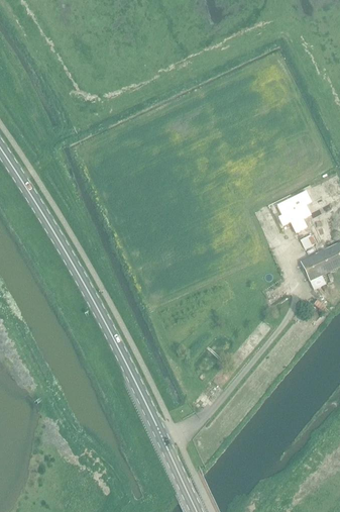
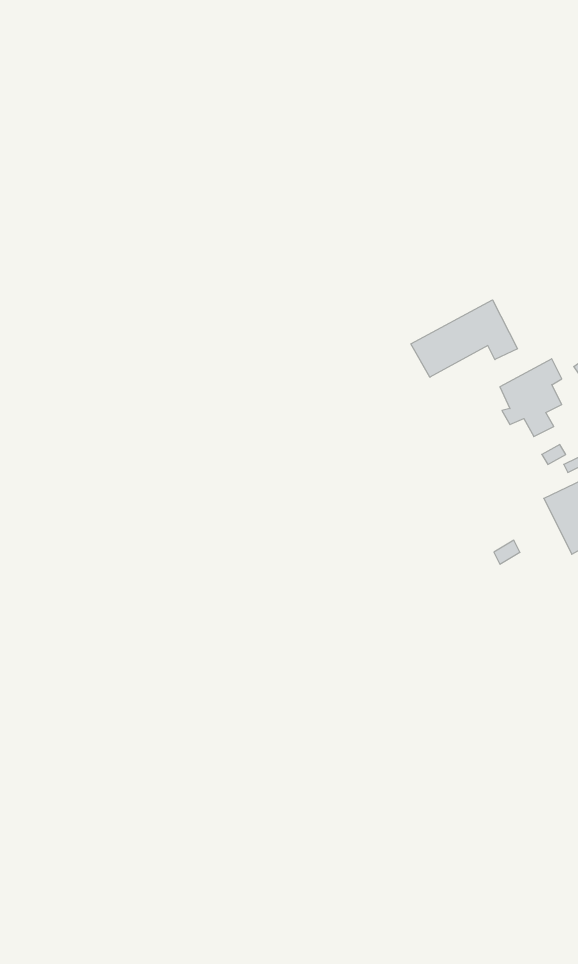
building: none -> [411,300,517,377]

